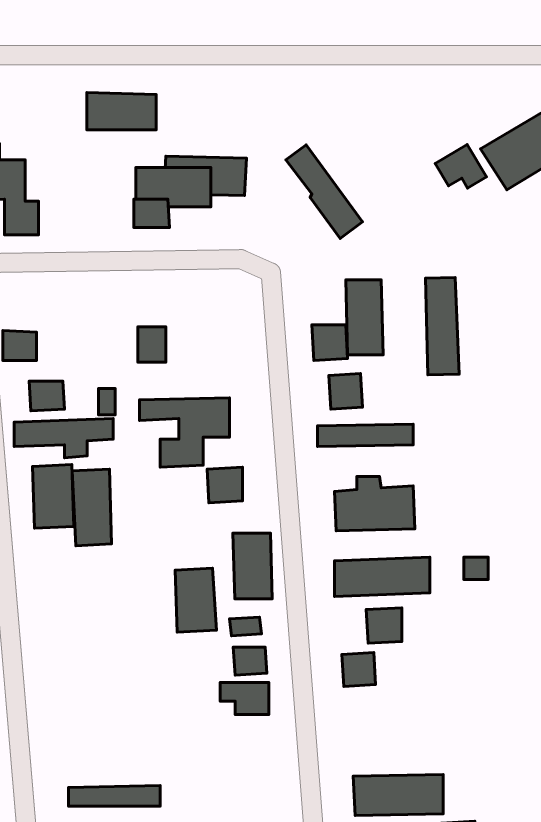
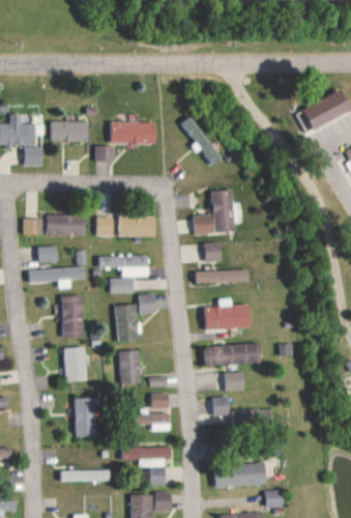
building: [87,93,156,130] -> [50,121,88,142]
building: [435,144,487,188] -> none
building: [425,278,459,375] -> none
building: none -> [48,214,86,236]
building: none -> [119,215,156,237]
building: [33,465,74,528] -> [63,347,86,382]
building: [233,533,272,599] -> [115,306,137,342]
building: none -> [75,399,96,437]
building: none -> [122,448,172,486]

